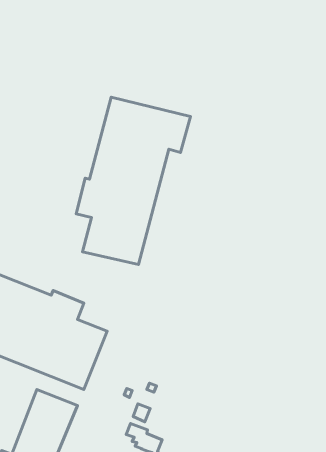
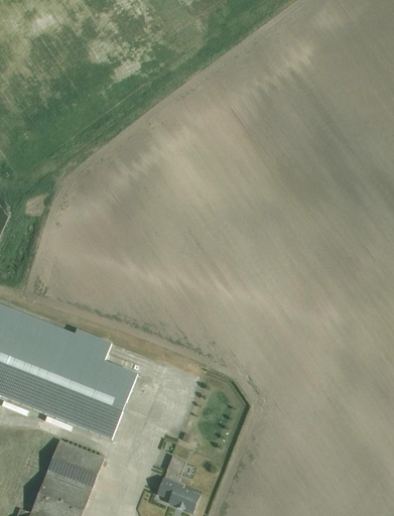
building: [76,97,191,265] -> none

